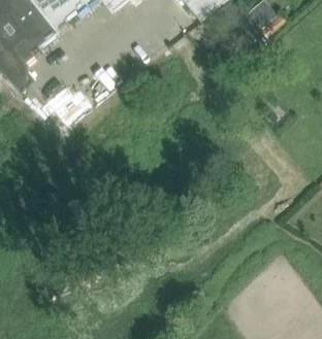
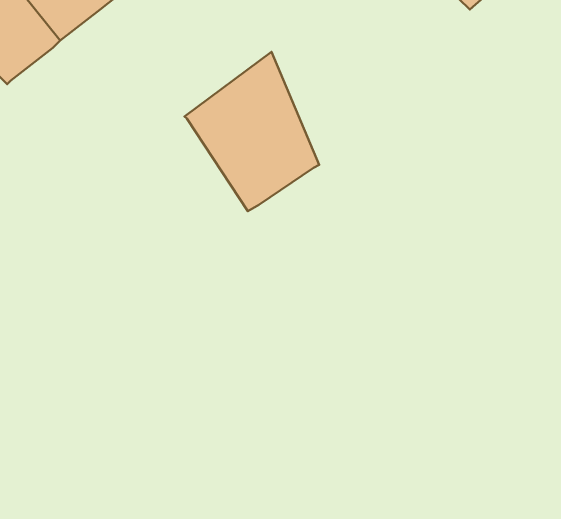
building: none -> [184,52,319,211]

